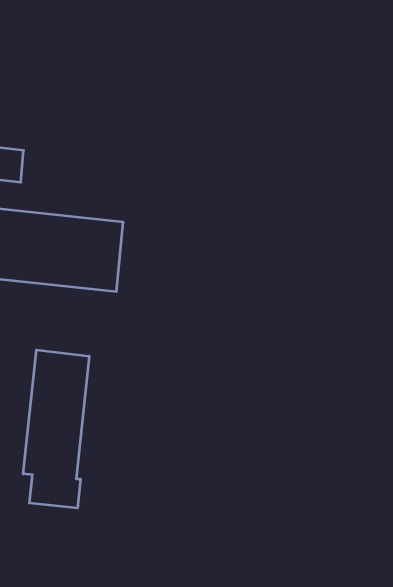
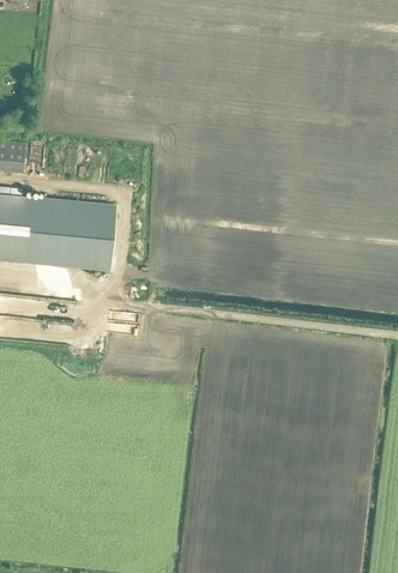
building: [23,350,89,508] -> none

